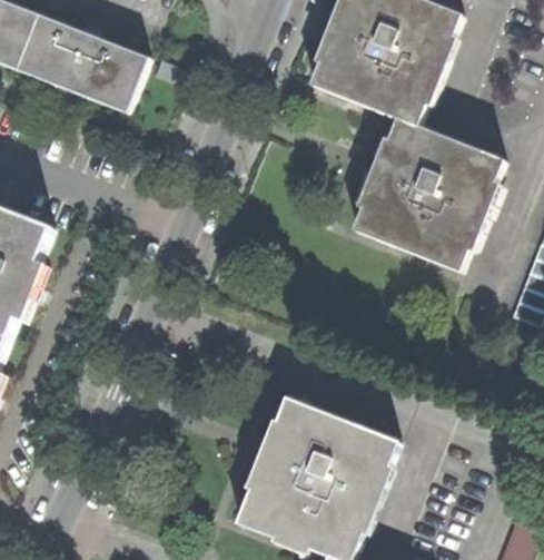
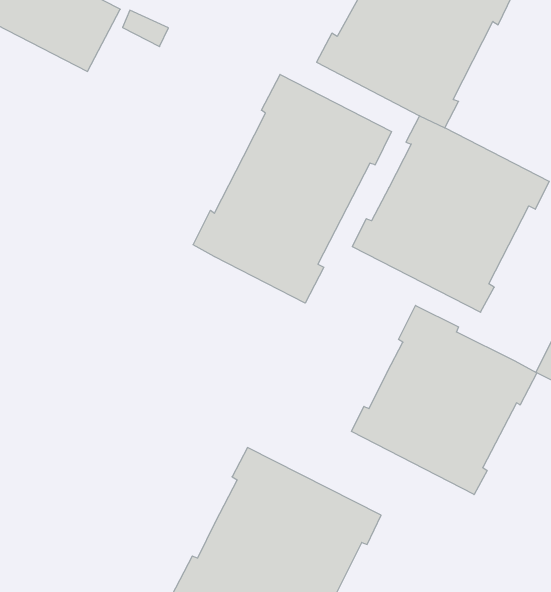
building: none -> [193,74,391,303]
building: none -> [352,305,537,495]

